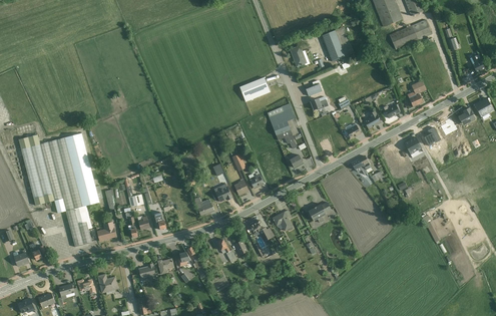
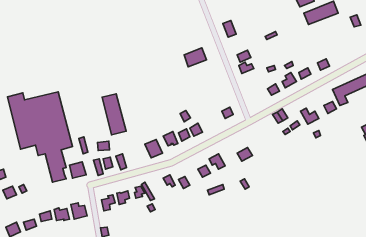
building: [323,26,355,60] -> none
building: [270,105,298,149] -> none
building: none -> [102,94,126,135]

